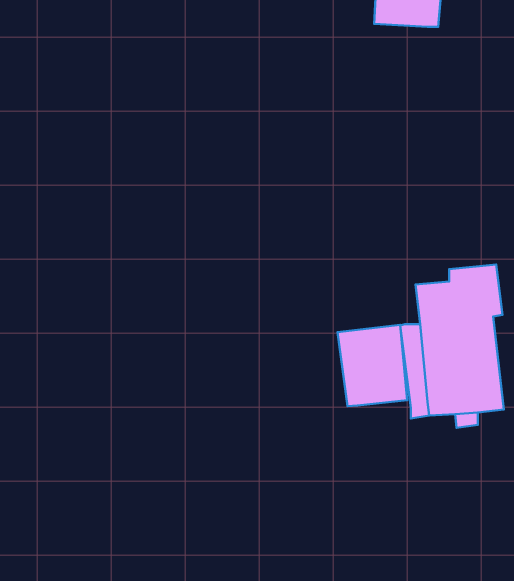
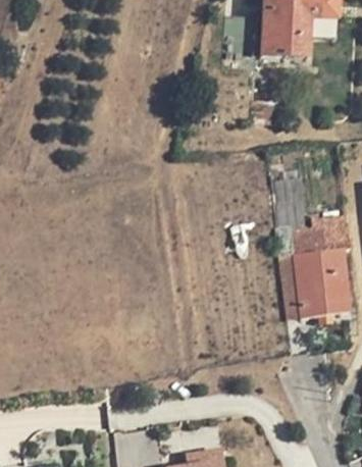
building: [338,325,407,406] -> none

